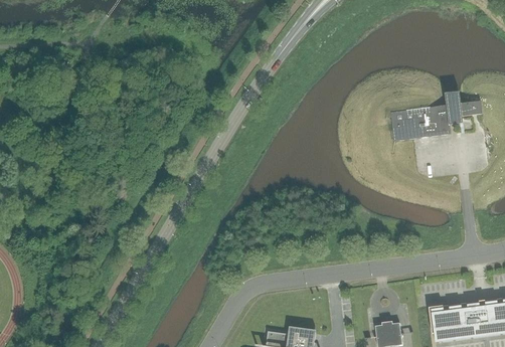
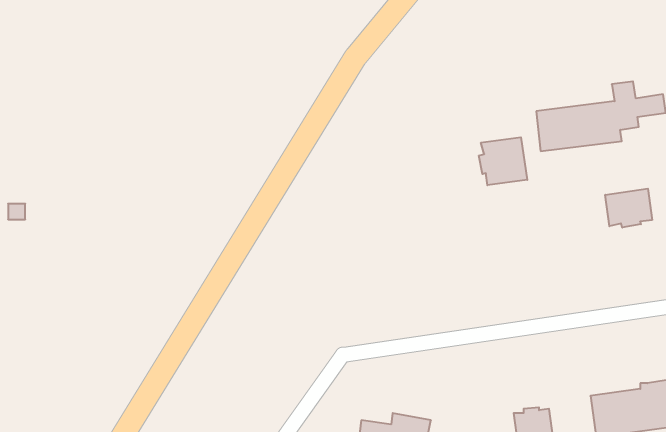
building: none -> [479,137,527,185]
building: none -> [605,189,652,228]

